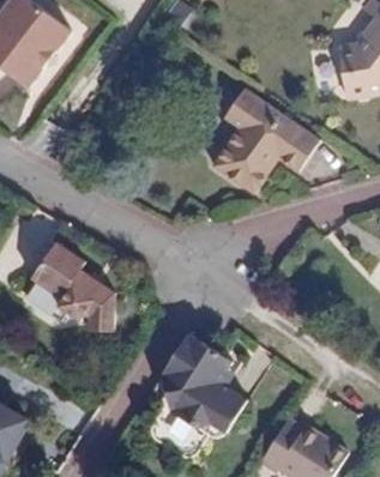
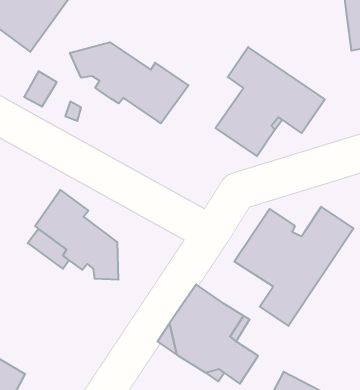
building: none -> [70,42,188,123]
building: none -> [234,207,353,326]

